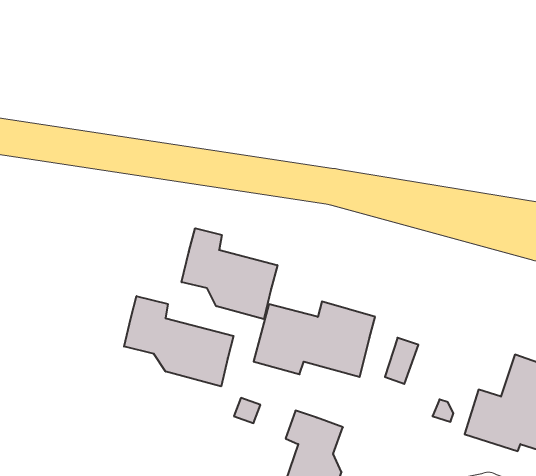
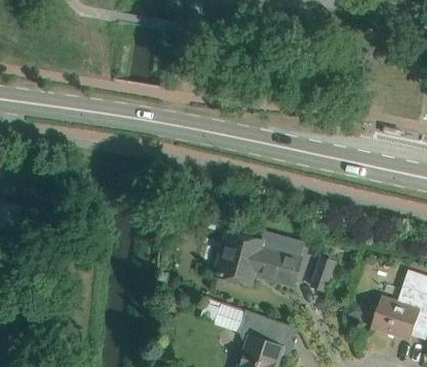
building: [182,228,277,319] -> none
building: [124,296,234,386] -> none

